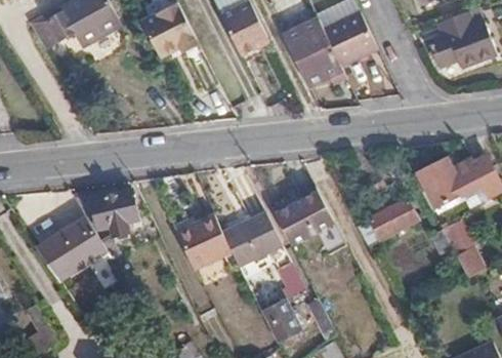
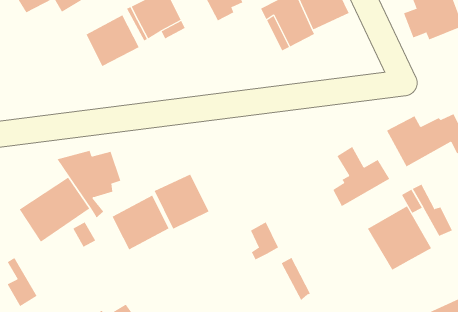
building: none -> [86,14,140,67]
building: [270,184,334,244] -> none
building: [221,206,281,264] -> [112,195,170,250]
building: none -> [367,205,432,270]
building: [262,299,300,340] -> none

